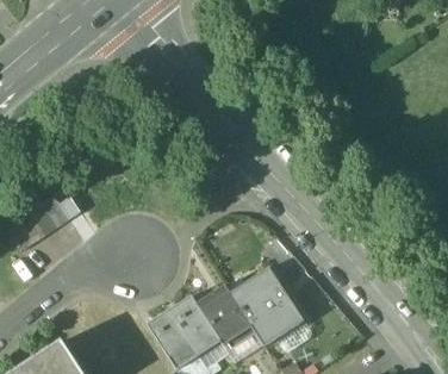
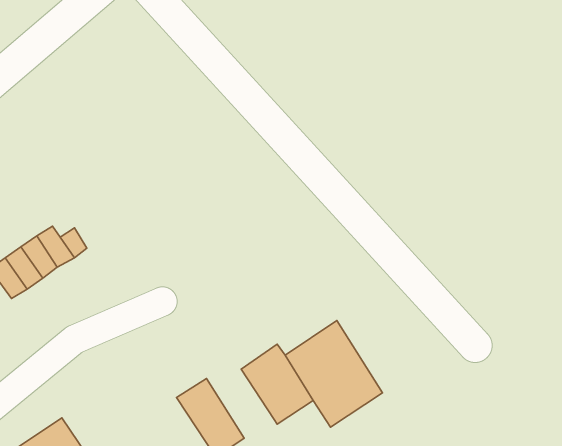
building: [170,295,222,355] -> none

